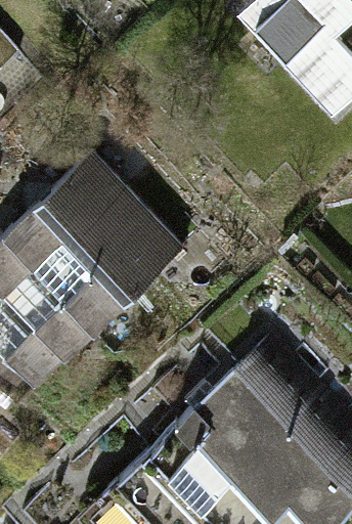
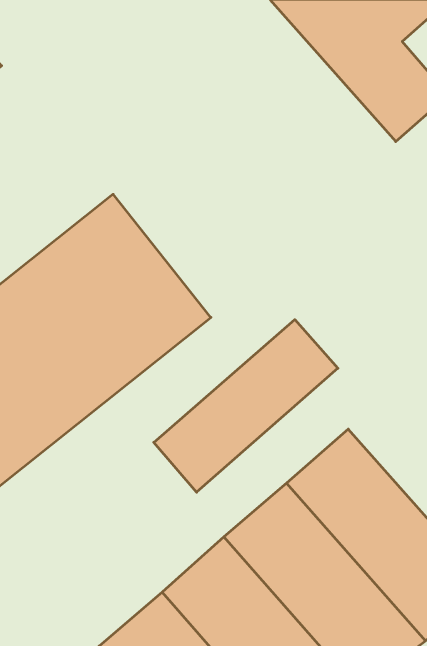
building: none -> [154,320,338,492]

